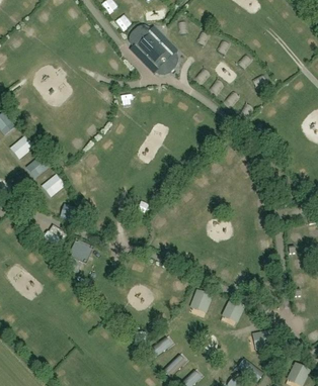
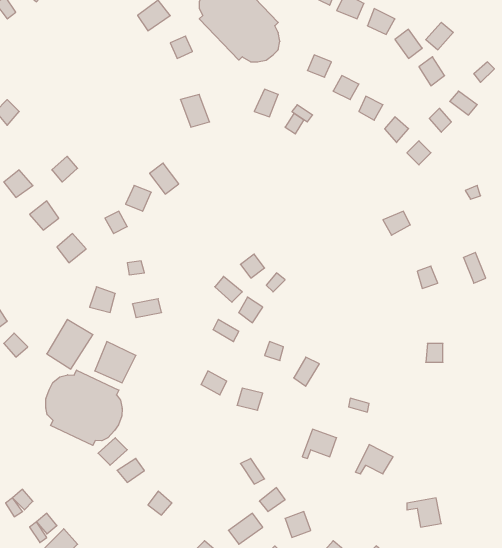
building: none -> [46,370,122,445]

